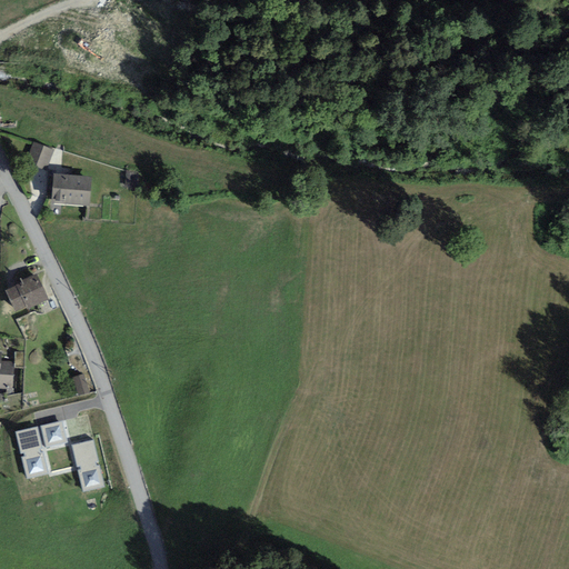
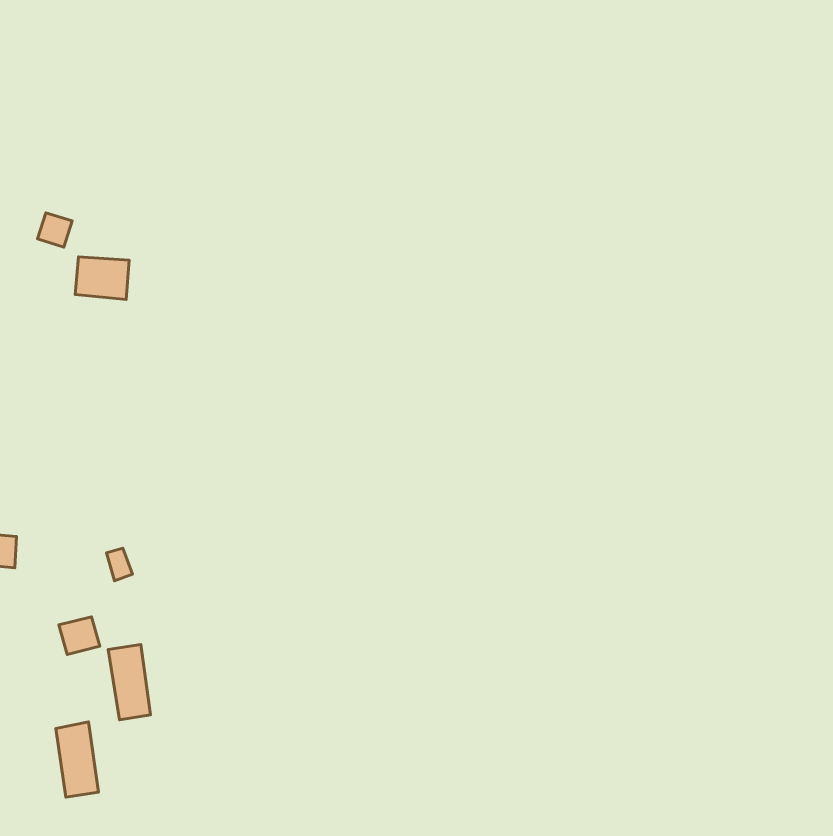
building: [7,278,42,309] -> none
building: [17,426,46,477] -> [56,722,98,797]

